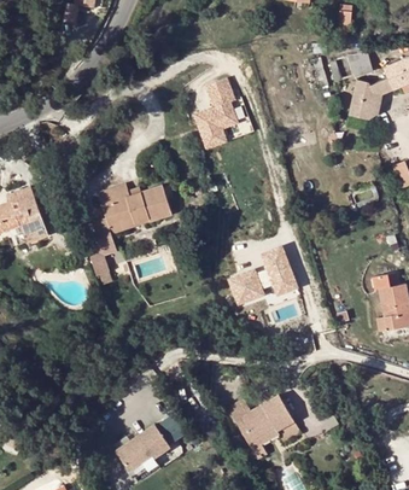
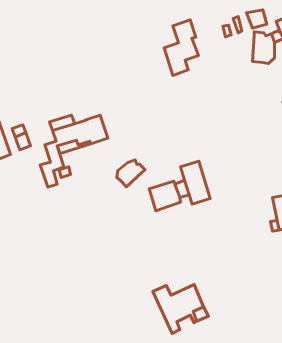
building: [195,80,239,150] -> [164,20,199,75]
building: none -> [117,160,145,187]
building: [116,421,169,466] -> none

